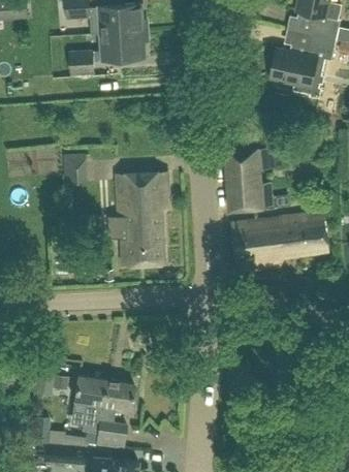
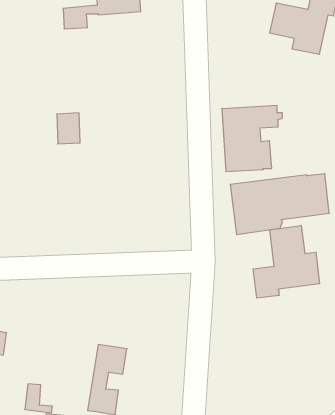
building: [115,172,167,266] -> none
building: none -> [253,225,320,298]
building: [70,375,102,443] -> none

